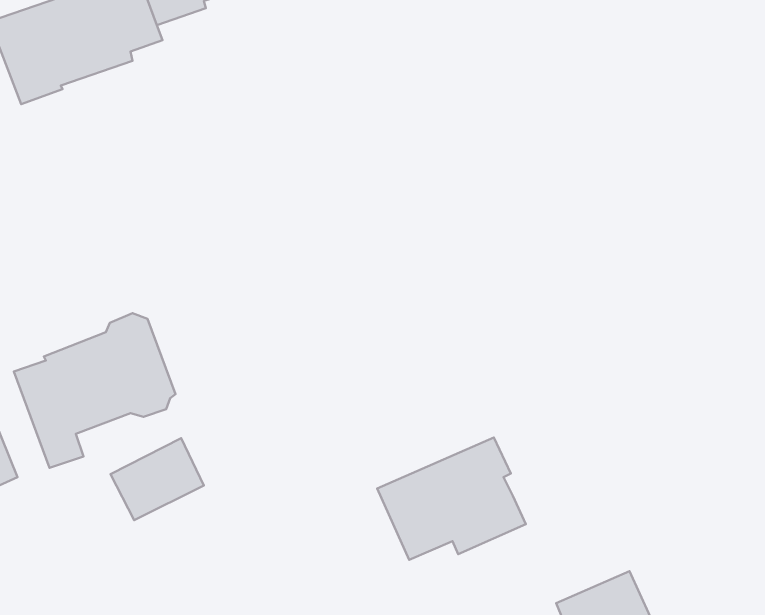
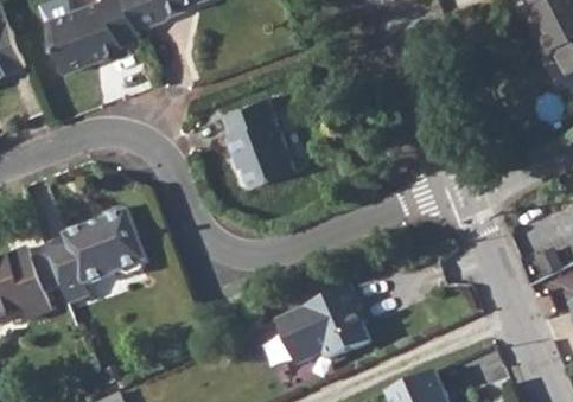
building: none -> [221,98,293,189]
building: [110,438,204,520] -> none

